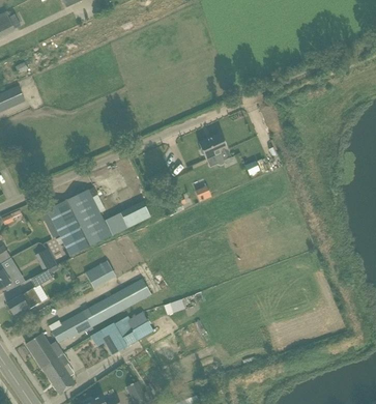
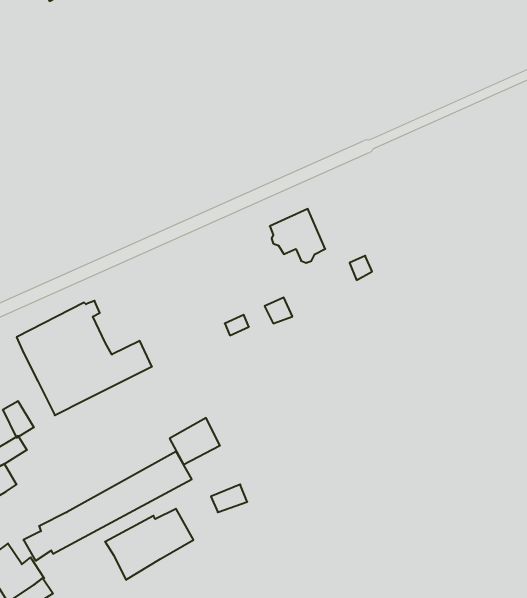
building: [85,260,115,288] -> [170,418,220,465]

